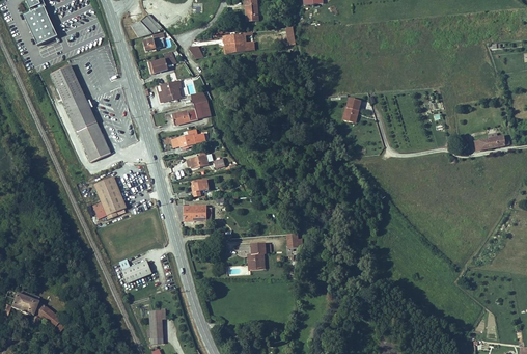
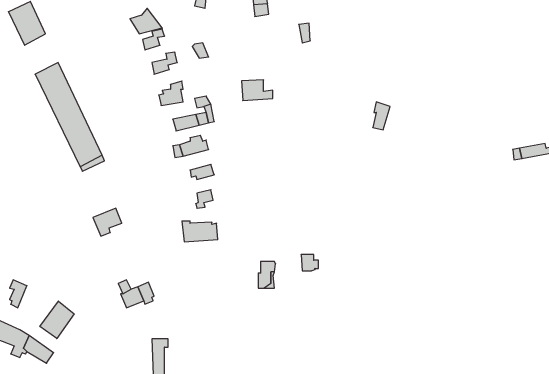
building: [225,31,253,50] -> [242,80,273,101]
building: [92,176,120,201] -> none
building: none -> [40,301,74,339]

